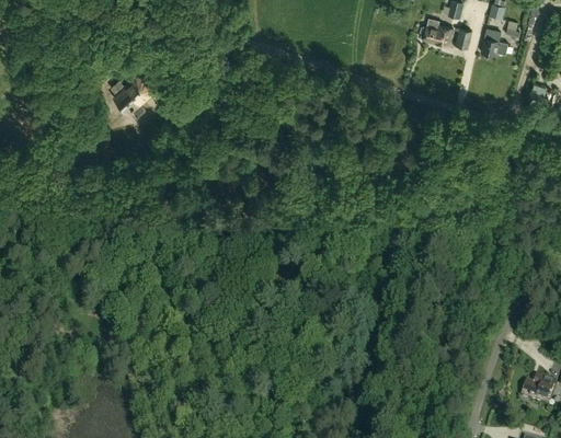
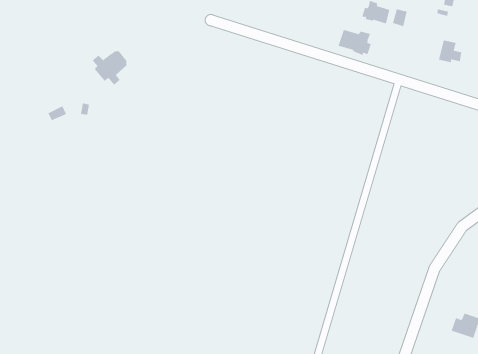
building: [481,28,508,55] -> [438,40,462,63]
building: none -> [338,29,371,56]

